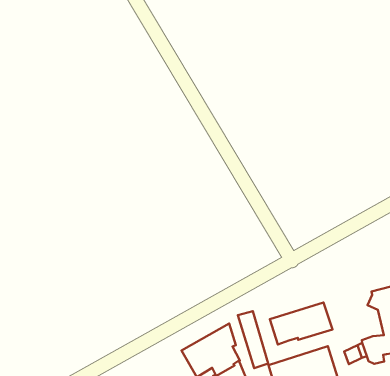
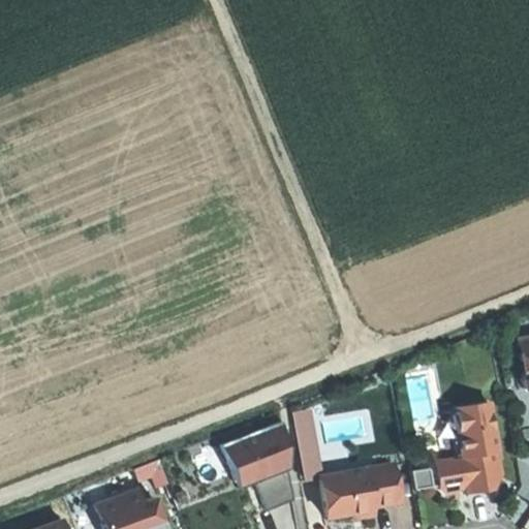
building: [270,303,332,344] -> none

